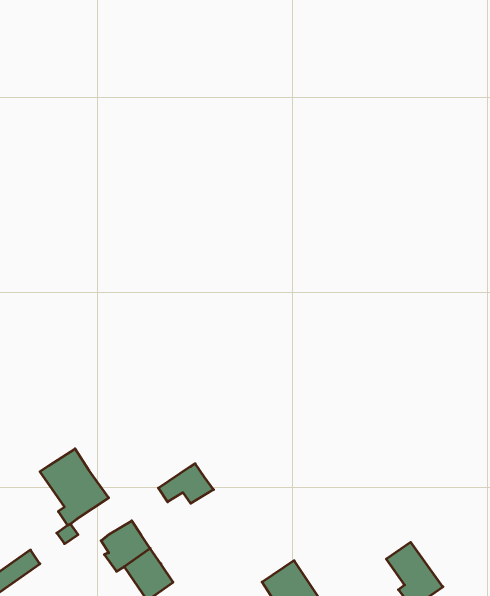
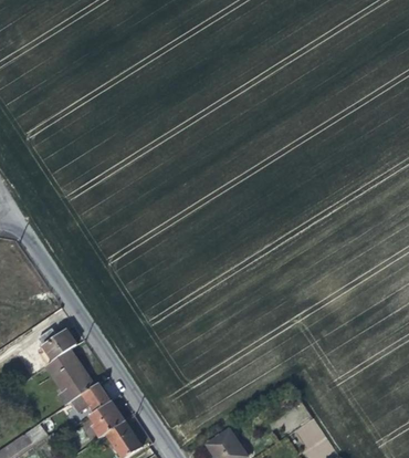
building: none -> [38,330,77,363]
building: [158,464,214,503] -> [72,384,112,413]

